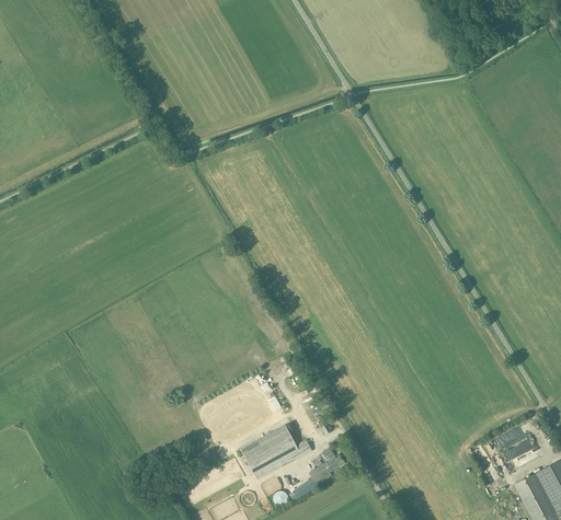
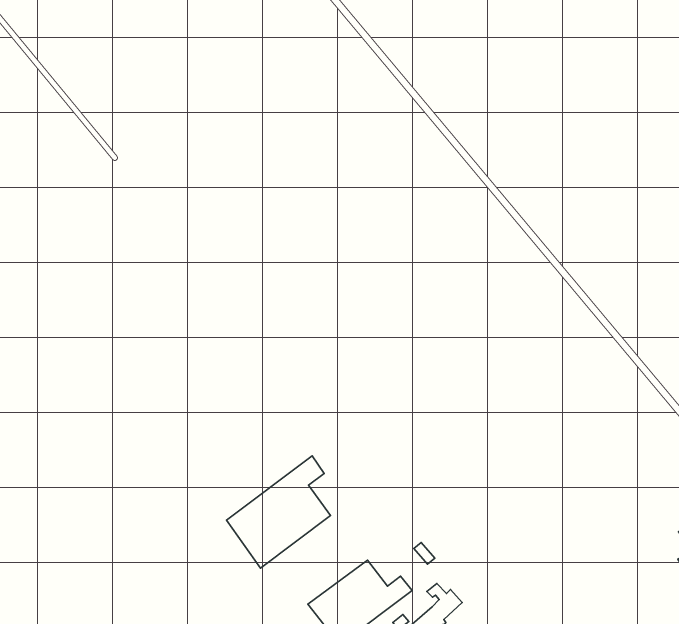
building: none -> [226,456,331,568]

